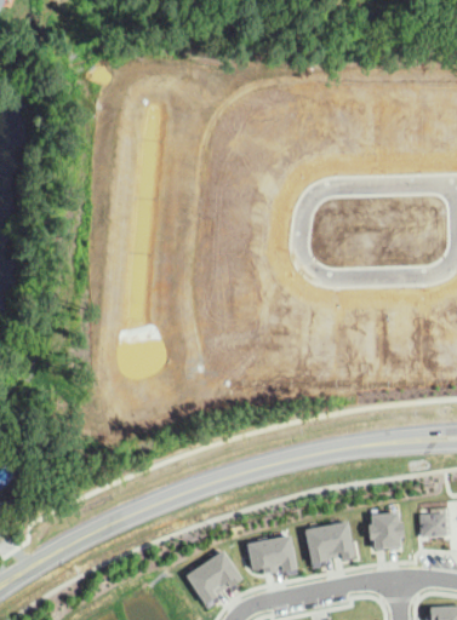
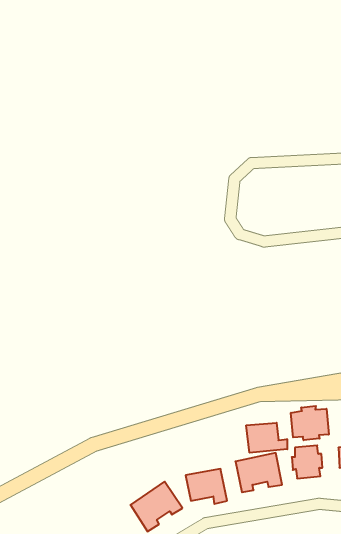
building: none -> [291,406,329,440]
building: none -> [246,423,287,453]

